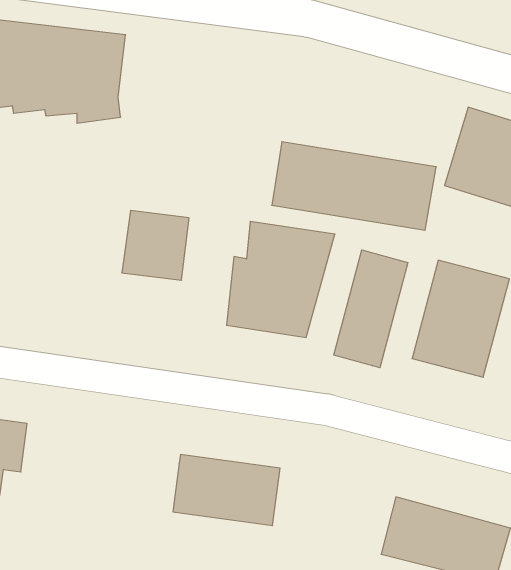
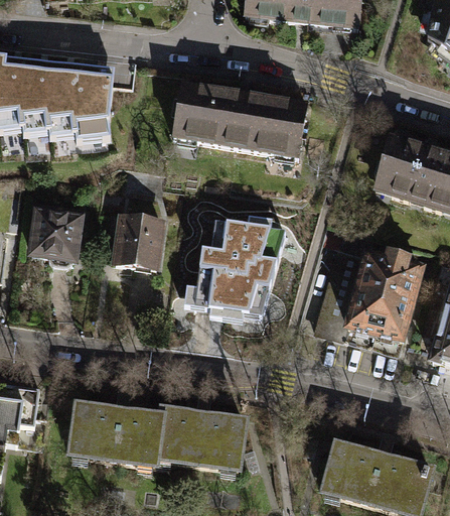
building: [272,142,436,230] -> [170,84,303,155]
building: none -> [28,204,84,264]
building: [334,250,408,368] -> none
building: none -> [67,406,158,465]

